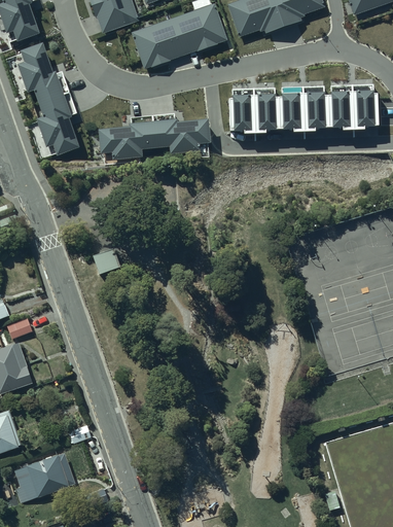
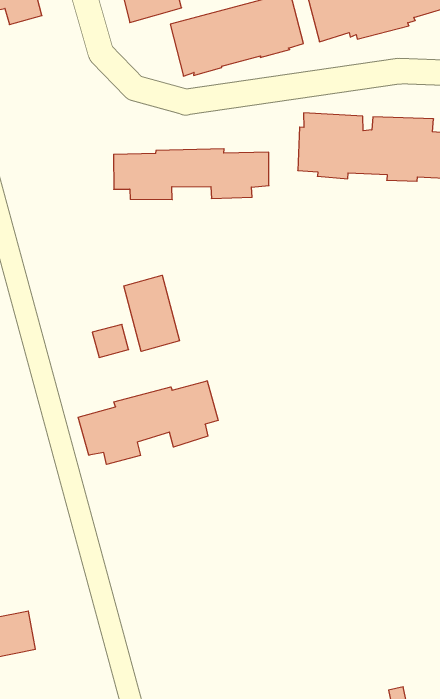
building: [17,43,80,155] -> none
building: none -> [124,275,180,351]
building: none -> [78,381,218,464]

